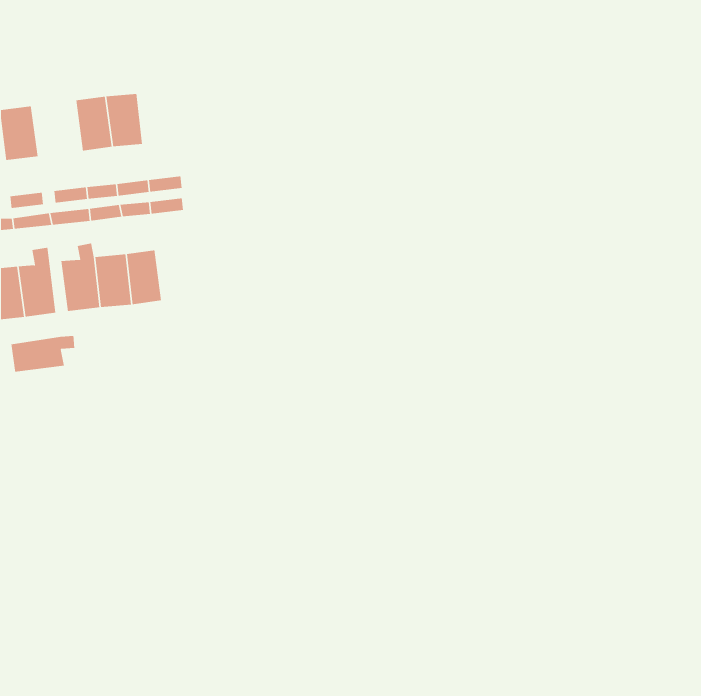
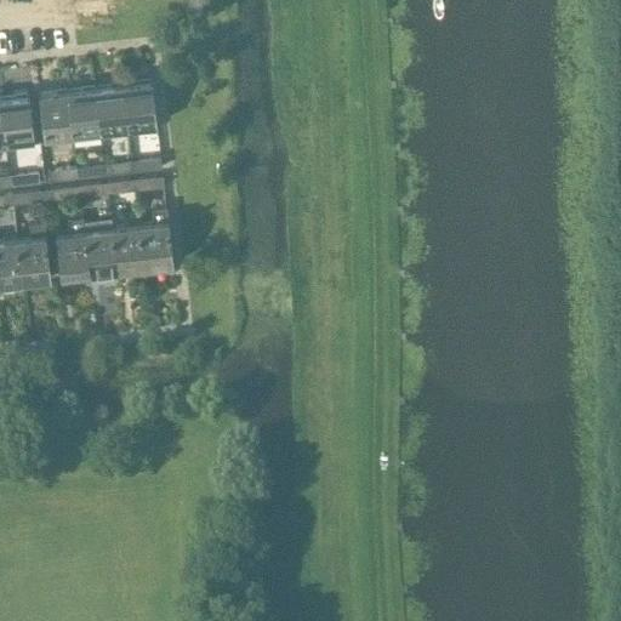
building: none -> [121,82,156,132]
building: none -> [36,93,73,142]
building: none -> [137,209,172,270]
building: [11,335,75,373] -> none

